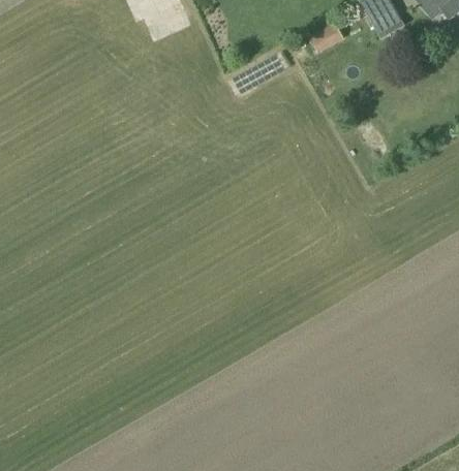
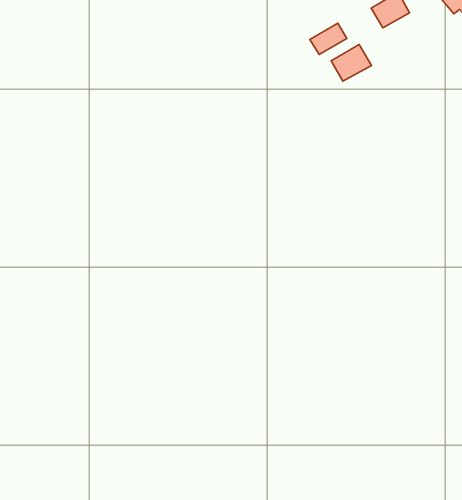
building: none -> [331,44,372,81]

